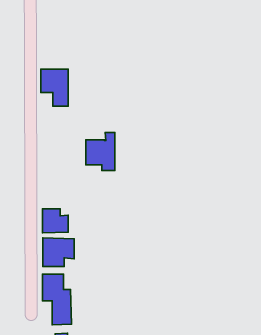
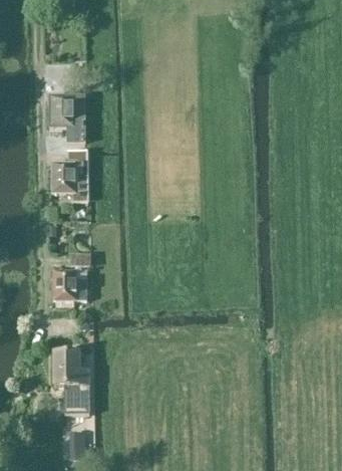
building: [86,132,115,170] -> [51,153,87,200]
building: [43,238,74,266] -> none

